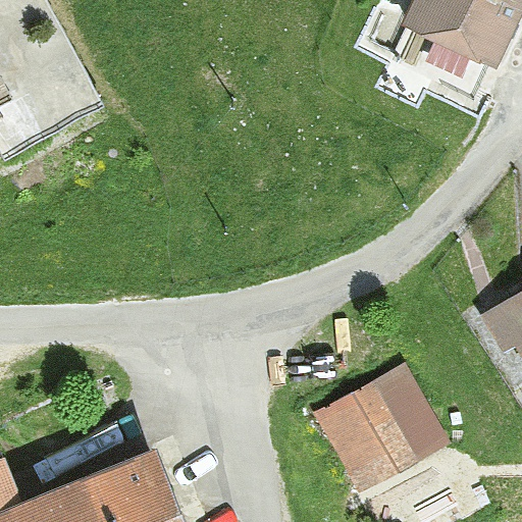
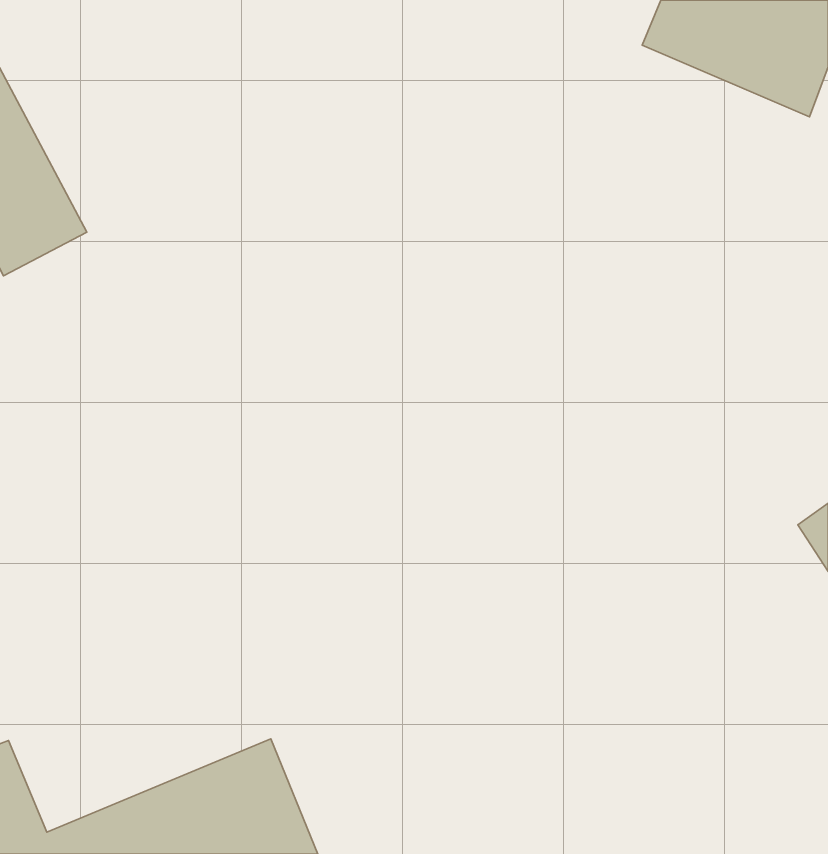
building: [311,364,451,501] -> none

